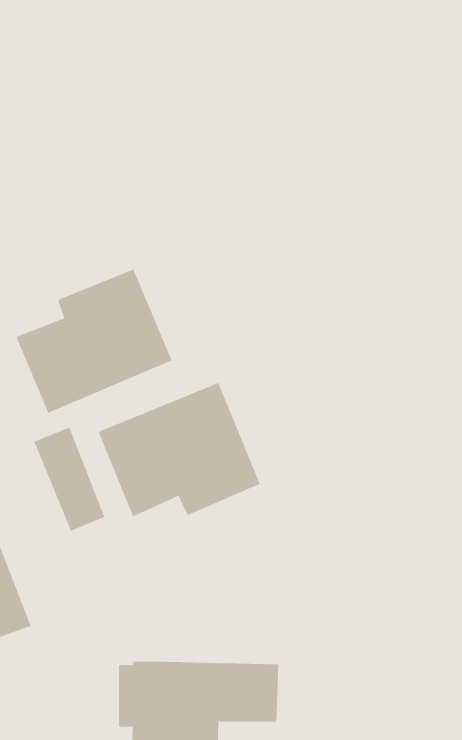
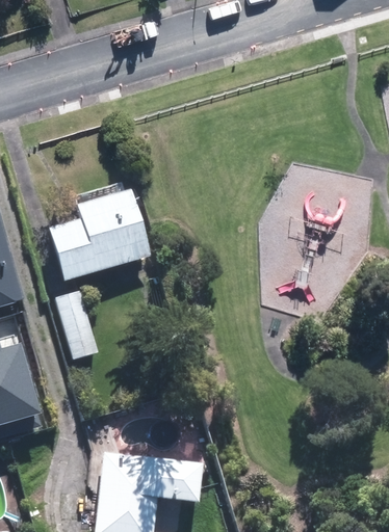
building: [98,382,261,517] -> none

